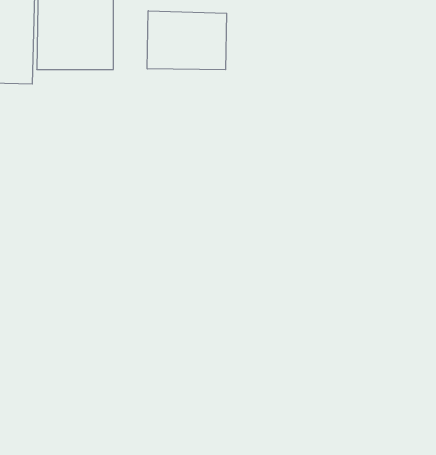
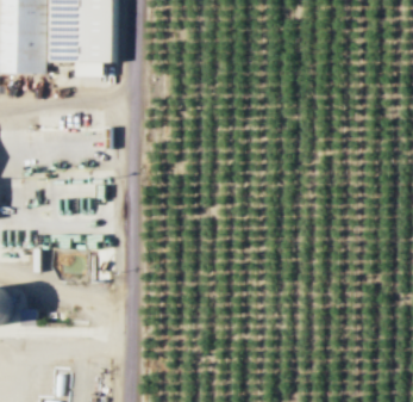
building: [147,11,227,70] -> none

